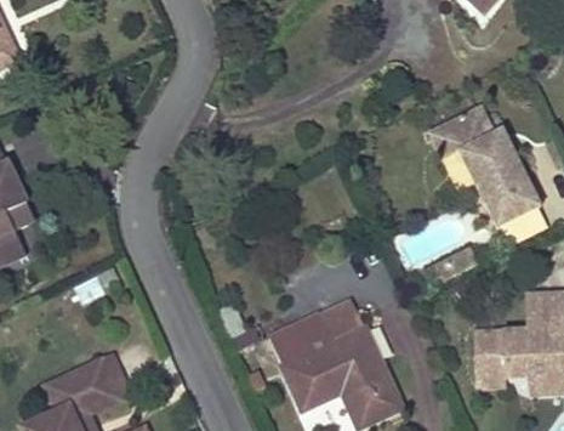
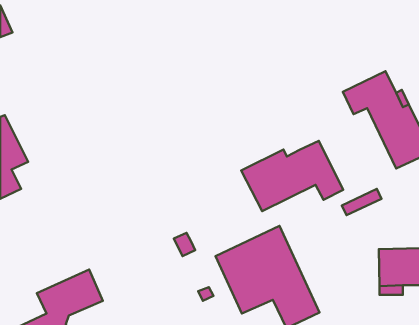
building: none -> [241,141,343,211]

